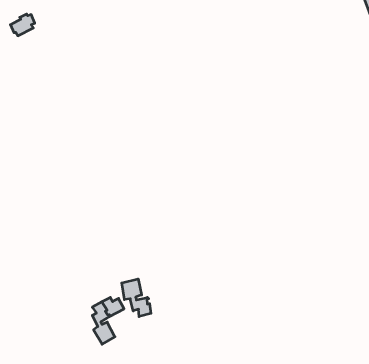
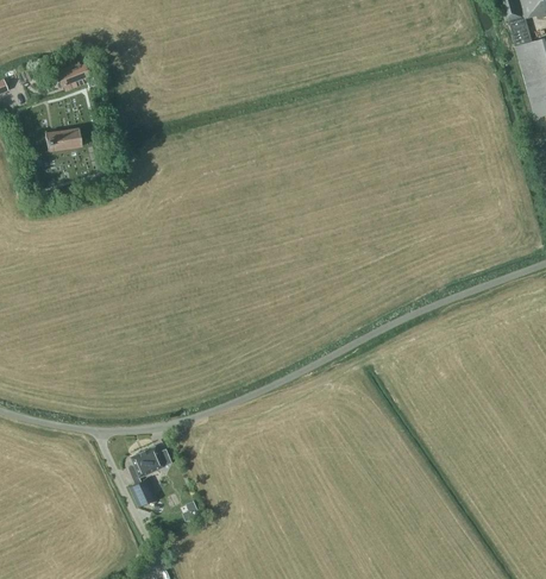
building: none -> [45,127,81,151]
building: [122,279,151,317] -> none

